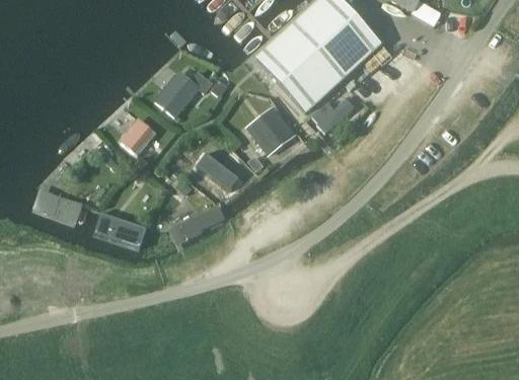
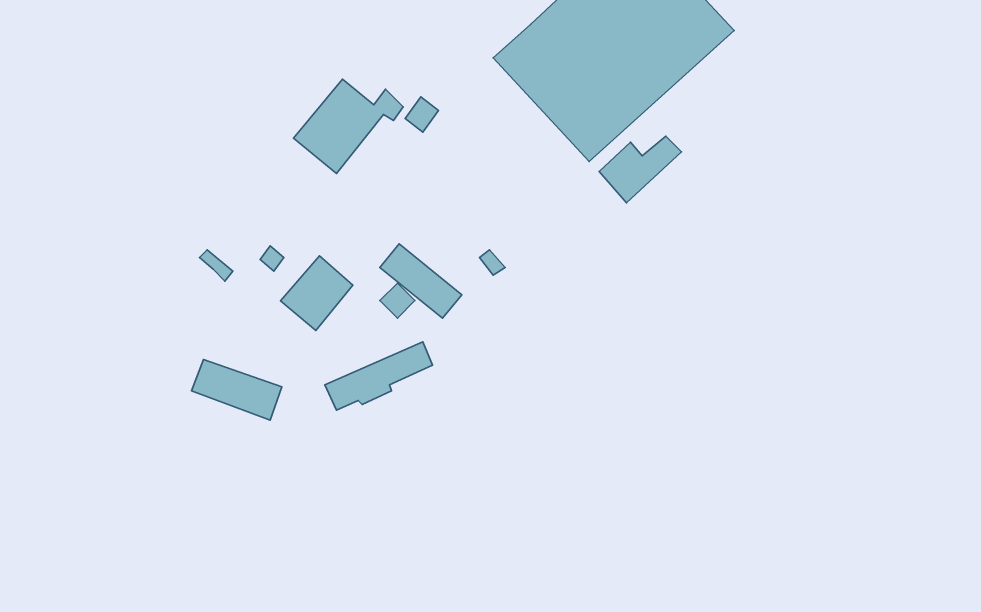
building: [255,111,293,154] -> none
building: [118,117,155,155] -> [280,256,353,330]
building: [29,185,82,224] -> none

